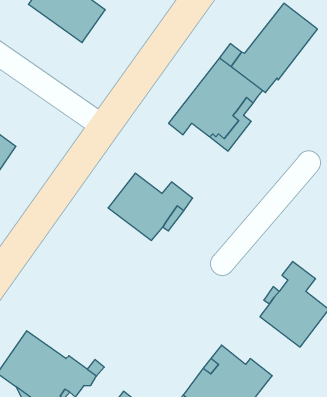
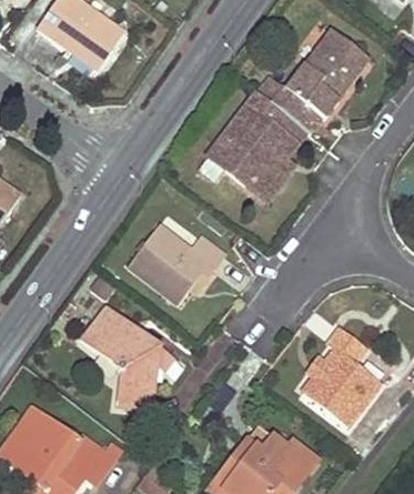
building: none -> [82,304,174,406]

